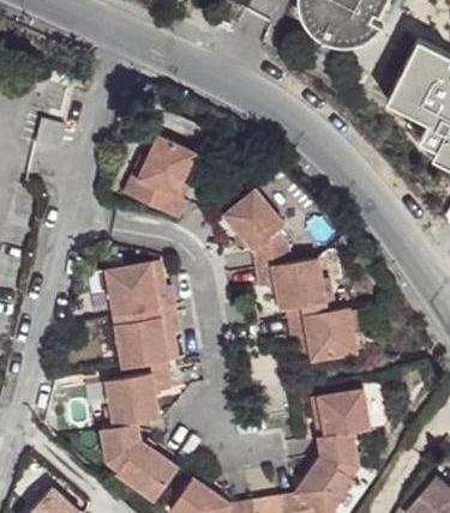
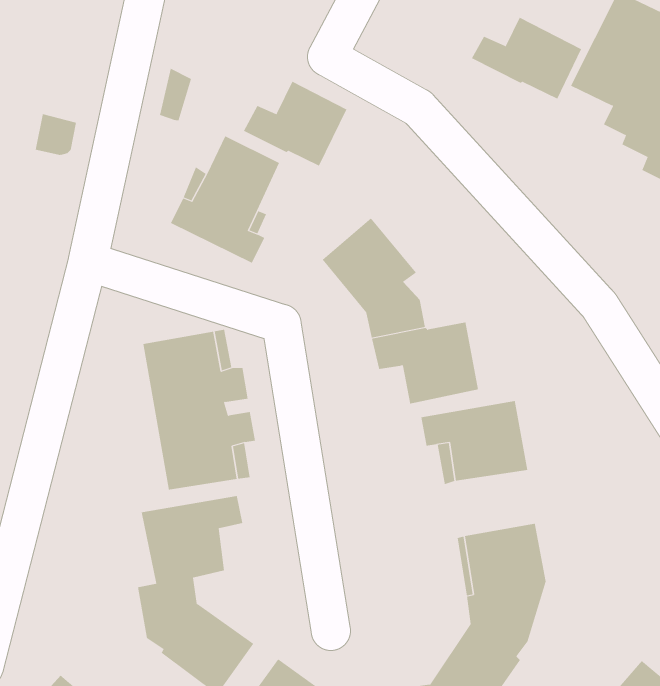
building: none -> [471,17,582,100]
building: none -> [243,81,347,167]

